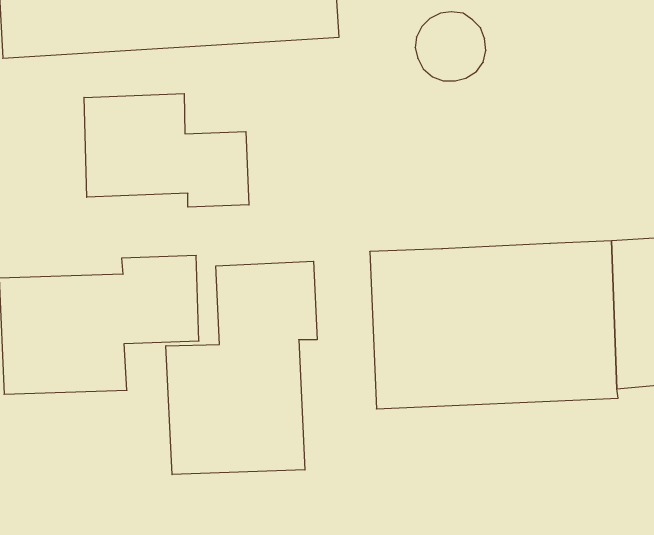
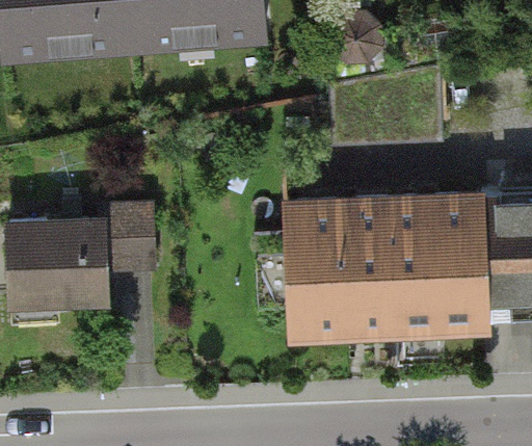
building: [84,94,249,207] -> none
building: [166,261,317,475] -> none

